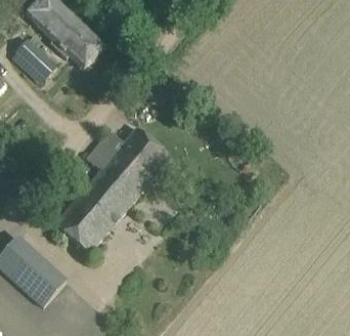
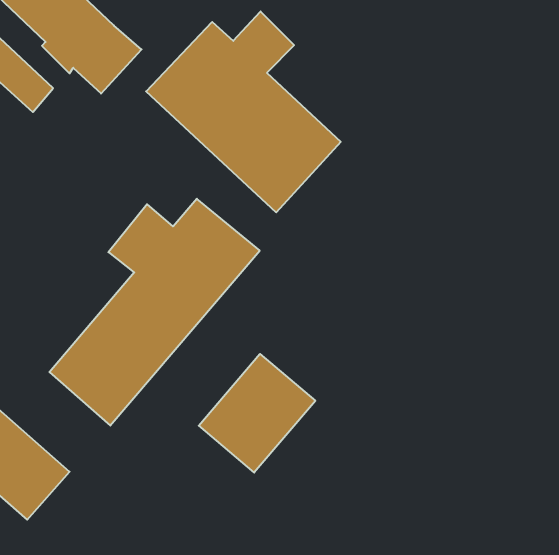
building: none -> [146,11,341,212]
building: none -> [199,354,315,473]

